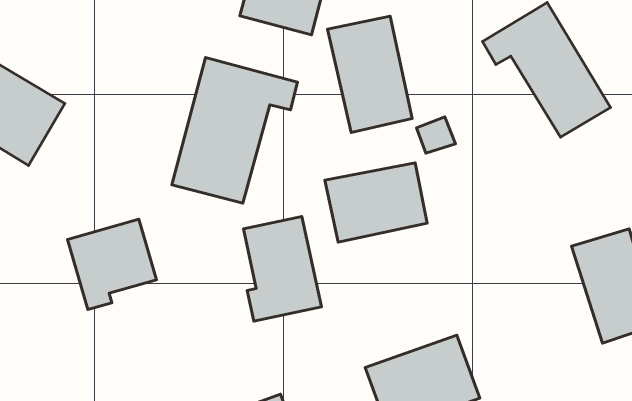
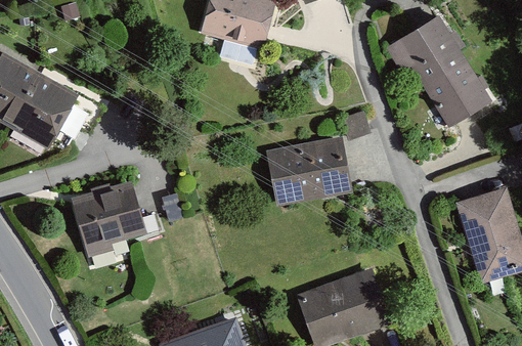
building: [327,16,412,132] -> none
building: [172,58,298,203] -> none
building: [244,217,321,321] -> none

